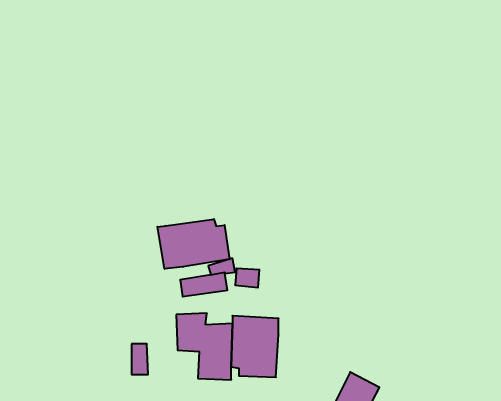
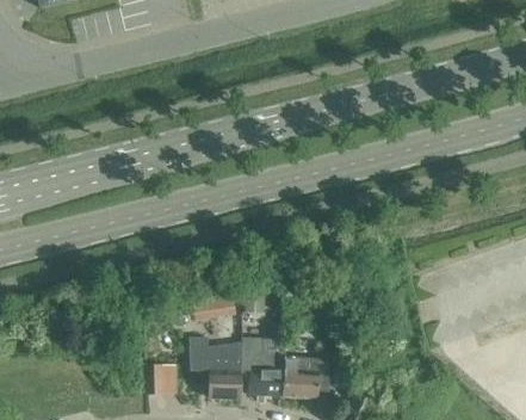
building: [157,219,229,269] -> none
building: none -> [280,357,328,399]

